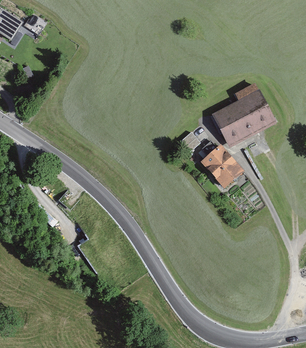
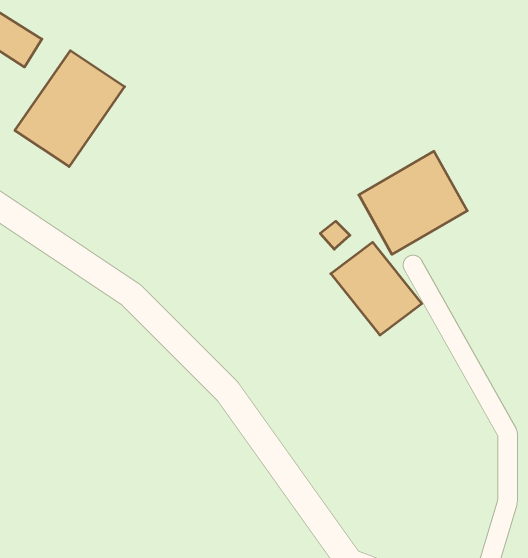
building: none -> [15,51,125,167]

